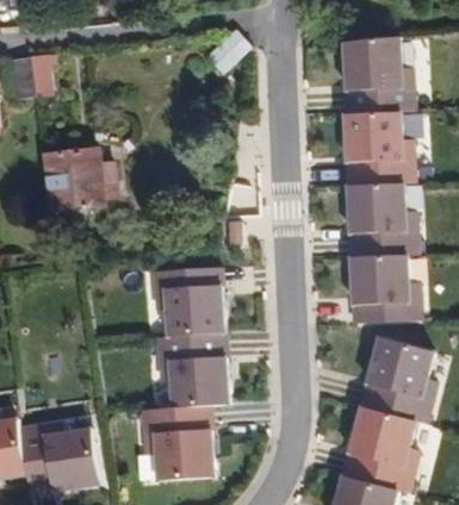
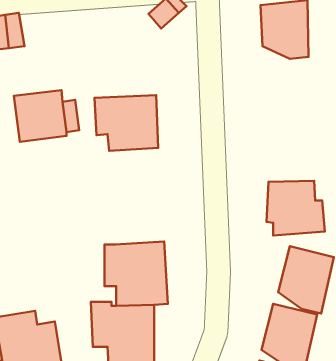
building: [343,112,403,177] -> none
building: [348,183,408,249] -> none
building: [148,266,225,333] -> [95,95,158,151]

